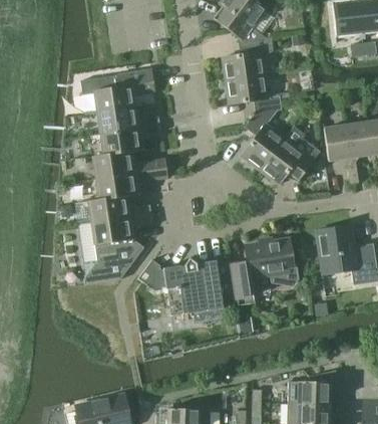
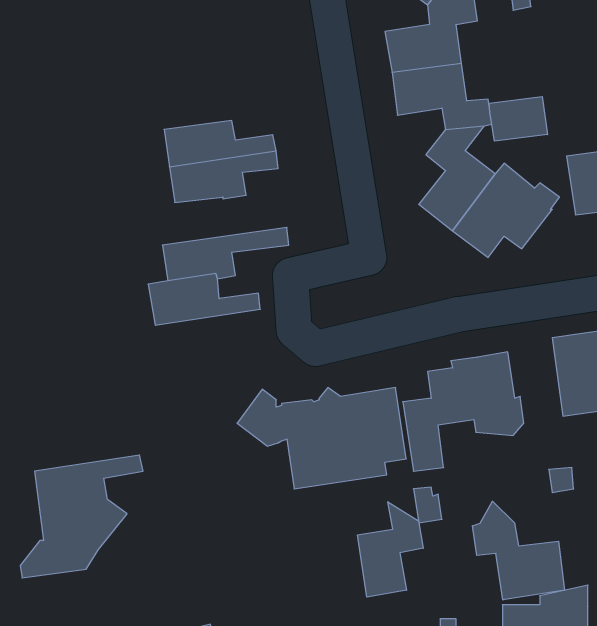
building: [80,69,155,115] -> none
building: none -> [489,97,547,141]
building: [93,151,166,178] -> none
building: [84,214,153,283] -> [20,455,143,578]
building: none -> [472,501,564,600]
building: none -> [358,502,423,597]

